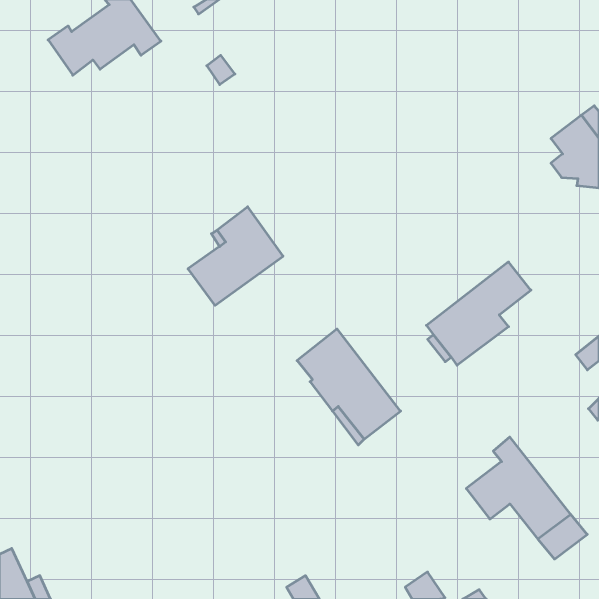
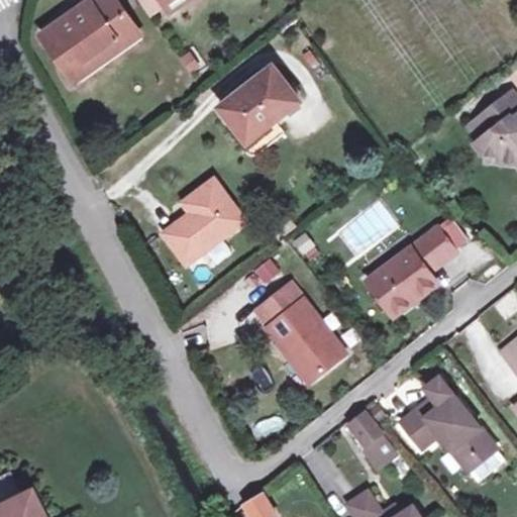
building: none -> [63,38,121,81]
building: none -> [220,67,298,140]
building: none -> [351,414,395,466]

